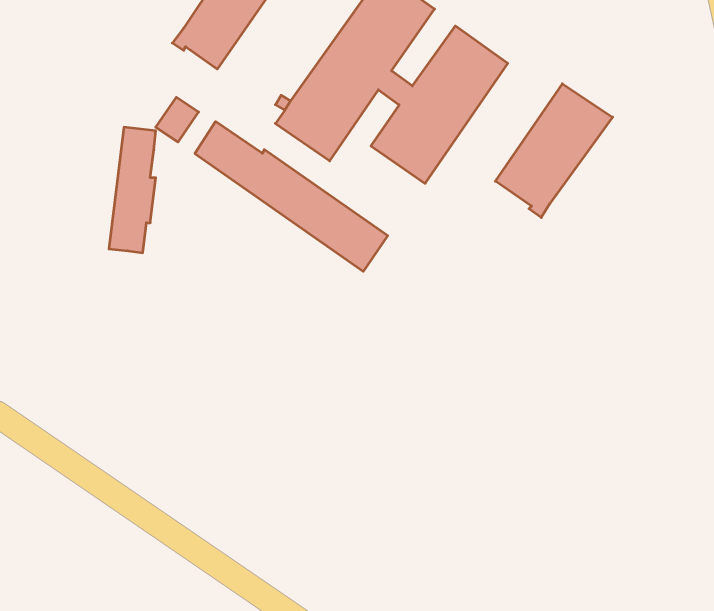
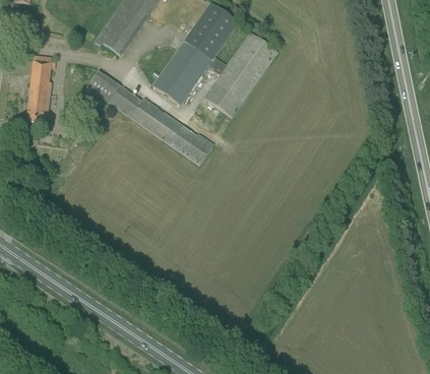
building: [495,84,613,218] -> none
building: [109,127,156,253] -> [24,55,50,123]

